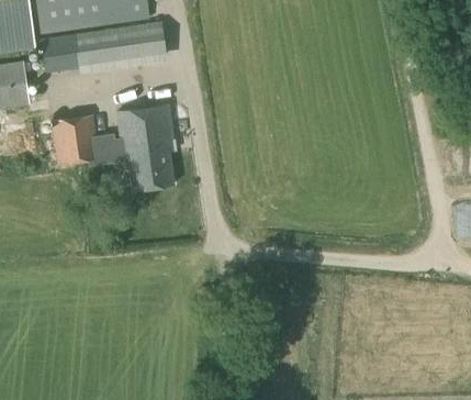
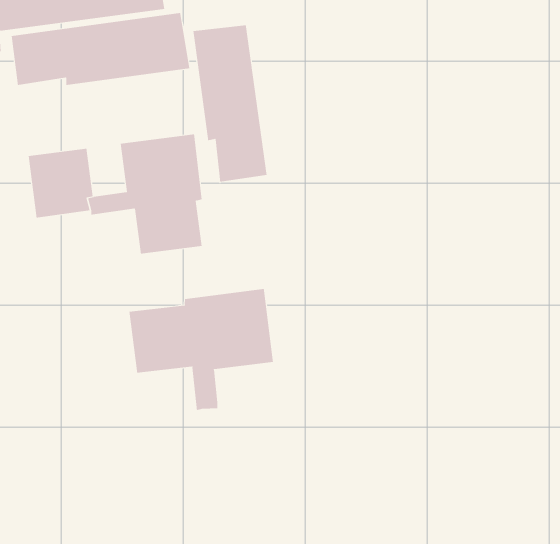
building: none -> [193,25,267,183]
building: none -> [129,288,273,411]

